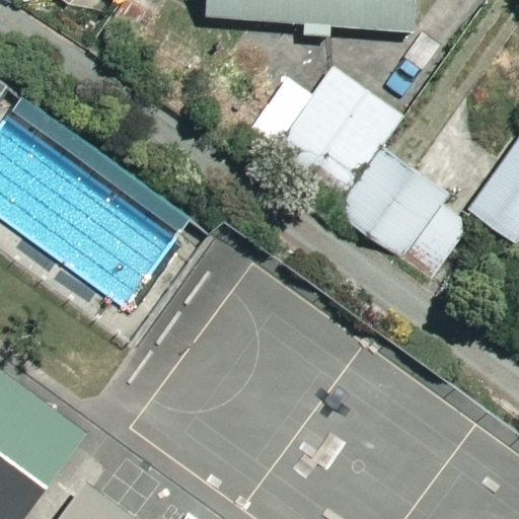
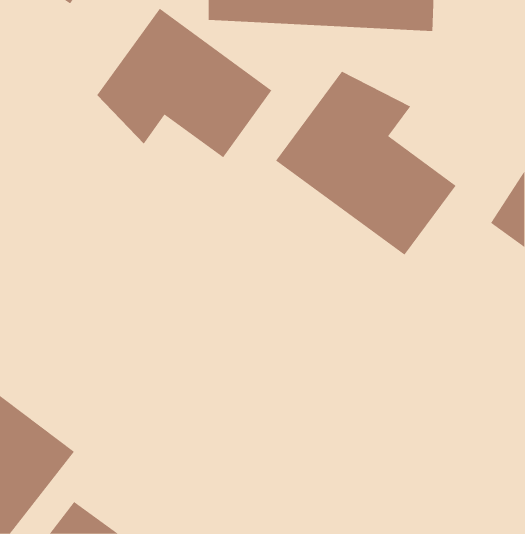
building: none -> [97,8,272,158]

